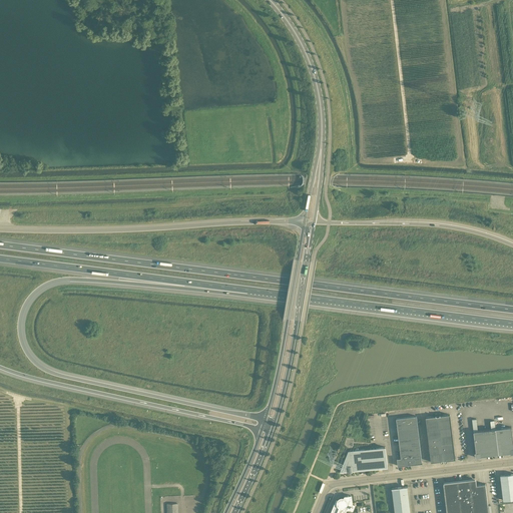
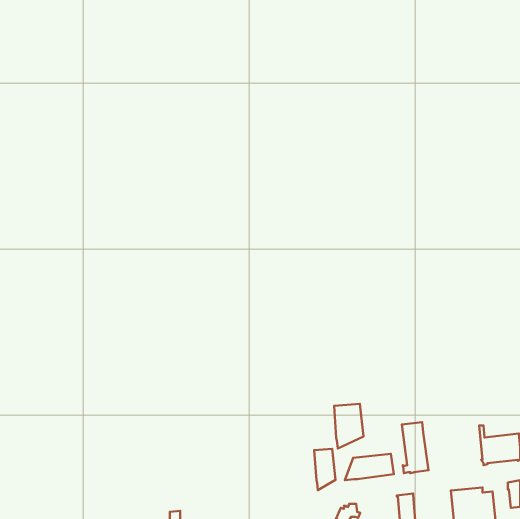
building: none -> [334,404,363,448]
building: [425,416,455,463] -> none
building: none -> [314,449,336,490]

